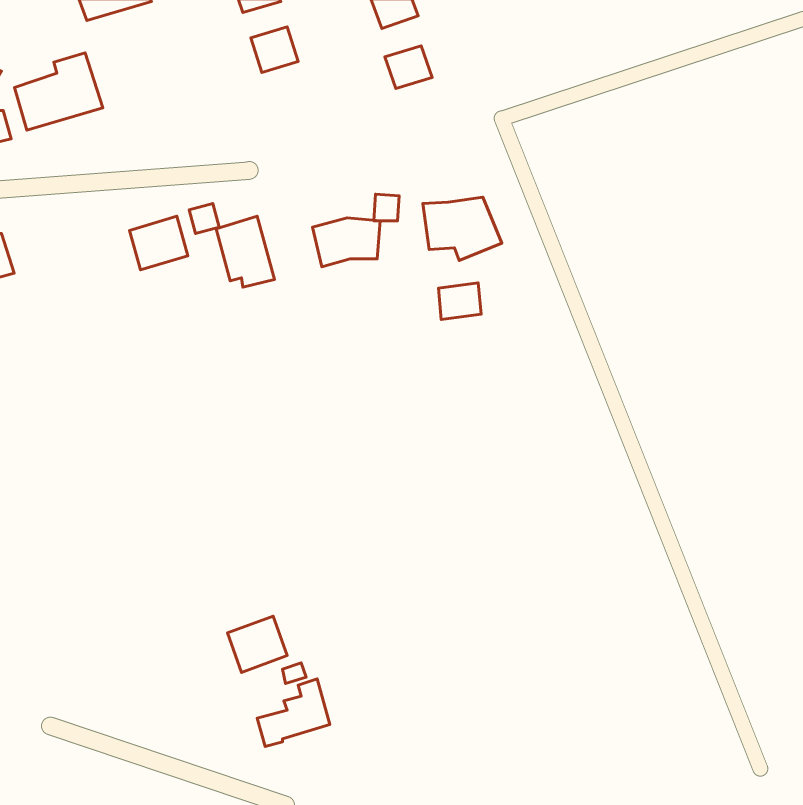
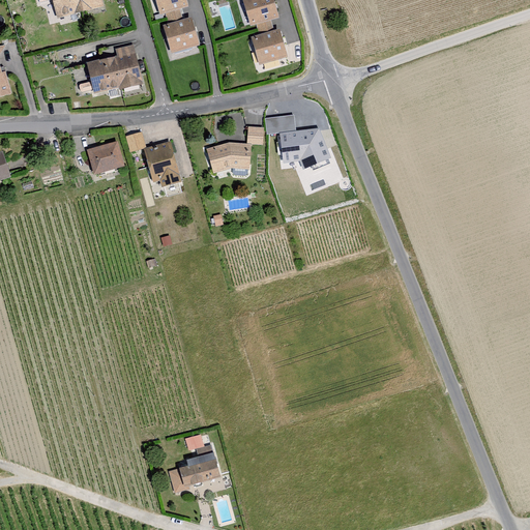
building: [14,53,103,130] -> [91,39,149,90]
building: none -> [263,116,294,136]
building: [438,283,481,320] -> none
building: [228,616,287,672] -> none

